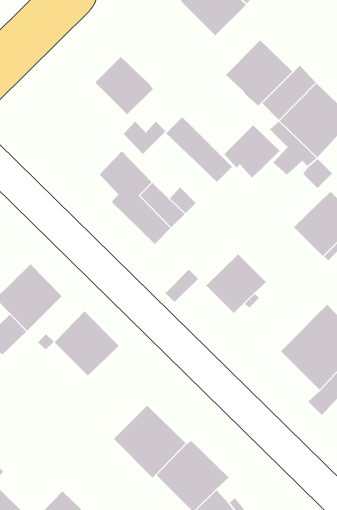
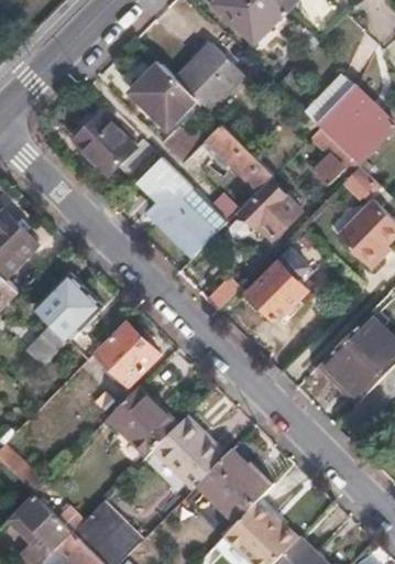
building: [225,40,293,107] -> [174,42,242,109]
building: none -> [75,118,154,175]
building: [223,125,281,178] -> [243,184,300,238]
building: none -> [107,387,176,456]

